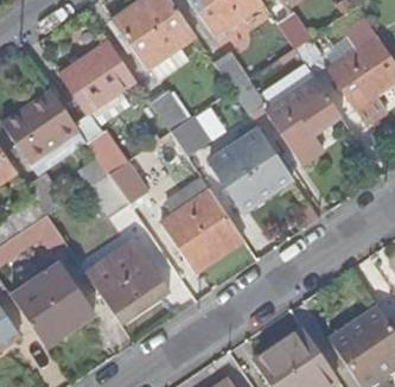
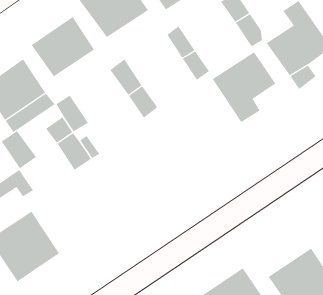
building: [210,129,293,211] -> none
building: [161,191,243,272] -> none
building: [87,241,168,324] -> none

